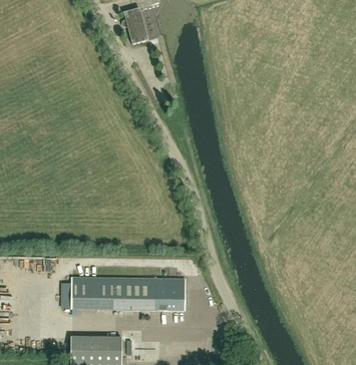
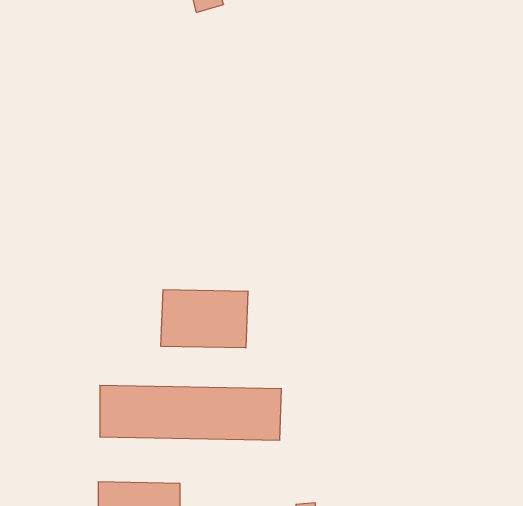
building: none -> [161,290,248,348]

